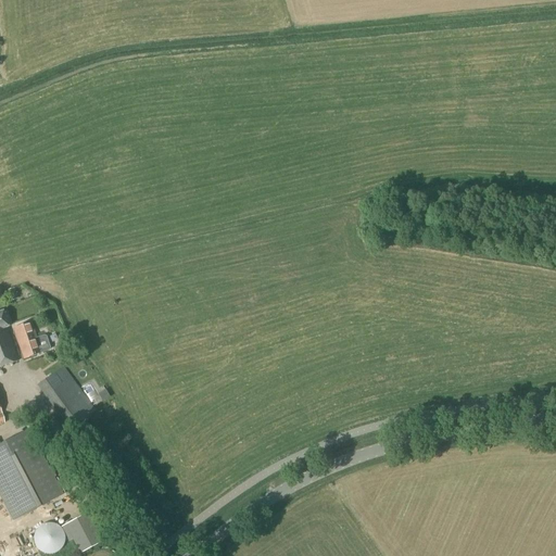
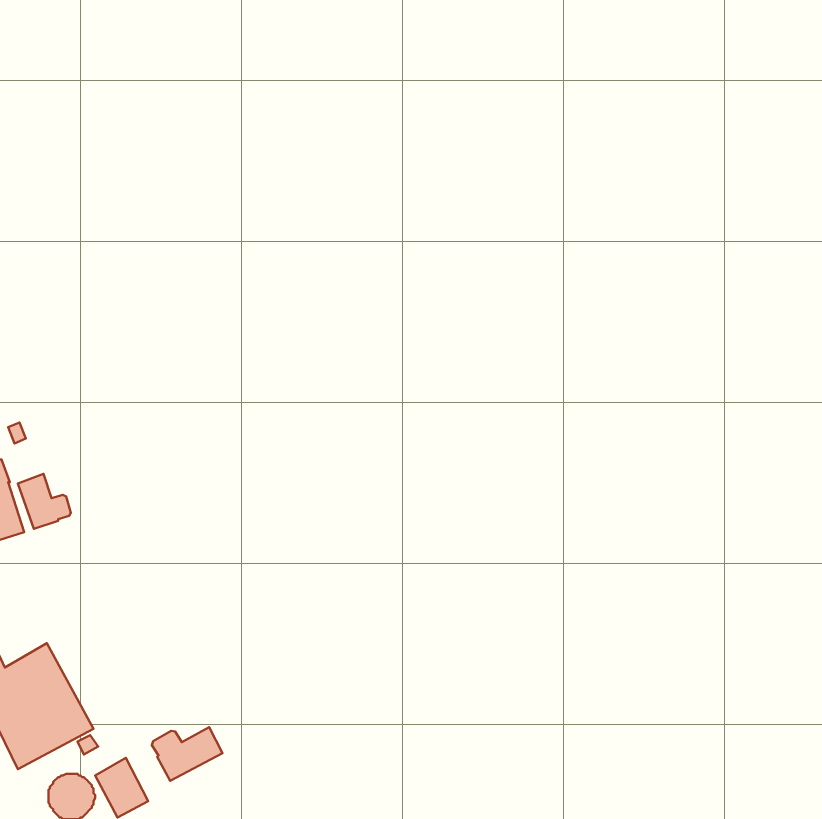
building: [35,364,94,428] -> none
building: none -> [152,727,222,781]

